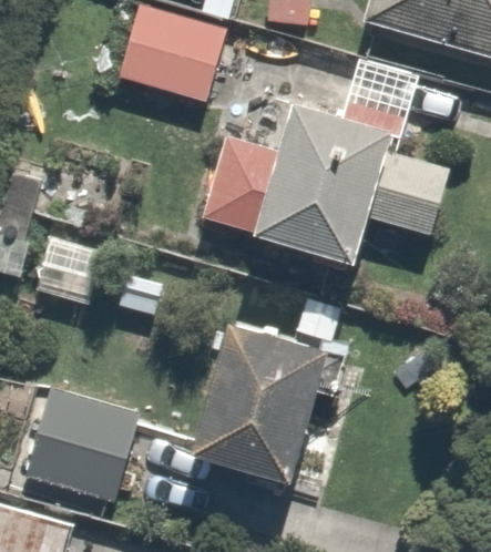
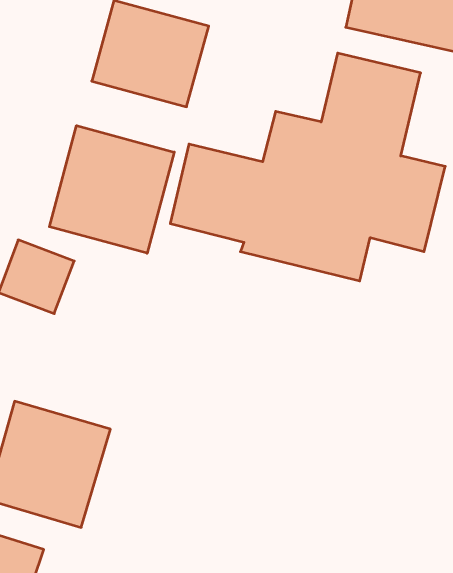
building: none -> [49,126,174,253]
building: [197,292,349,487] -> none

